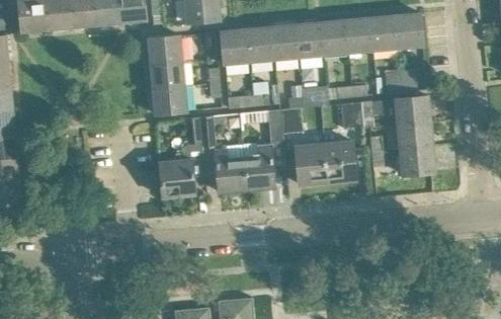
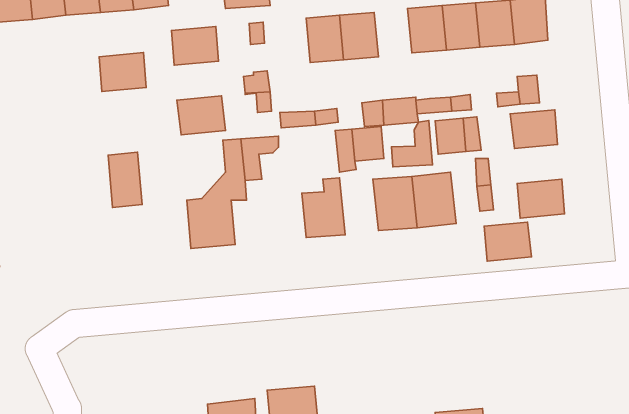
building: [296,22,323,58] -> none
building: [221,29,249,65] -> none
building: [150,61,184,89] -> [99,53,146,92]
building: none -> [391,120,432,167]
building: [398,122,432,150] -> [484,222,532,261]
building: none -> [108,152,142,207]
building: [214,145,246,192] -> none

